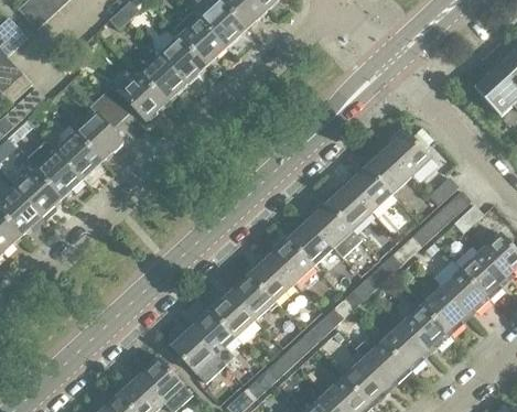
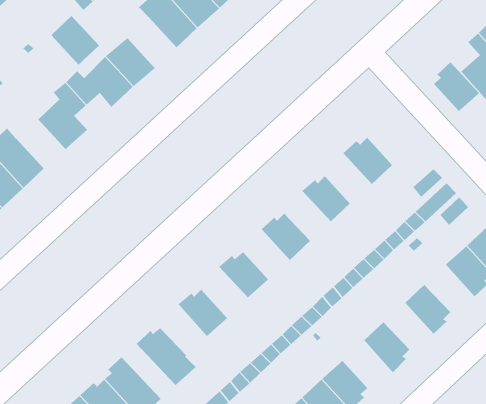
building: [161,36,207,84] -> [51,15,100,65]
building: [387,128,431,175] -> [433,62,480,112]
building: [56,132,103,178] -> none
building: [347,164,391,212] -> none
building: [309,199,362,257] -> none
building: [270,236,314,283] -> none
building: [441,269,488,314] -> none
building: [230,271,274,319] -> none
building: [402,305,450,349] -> none
building: [192,306,236,366] -> none
building: [355,330,411,386] -> none

